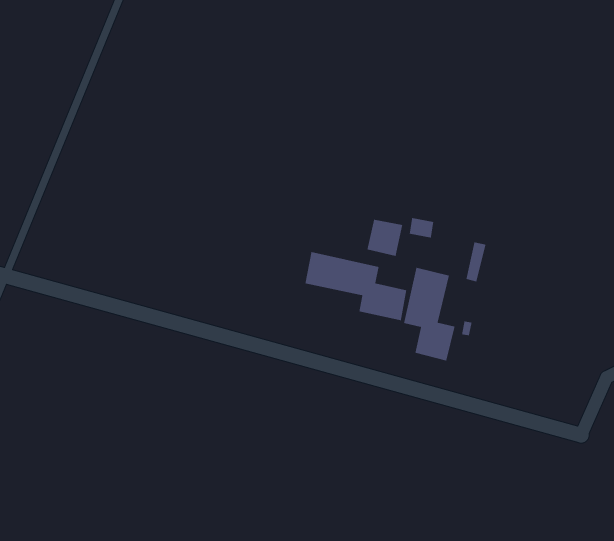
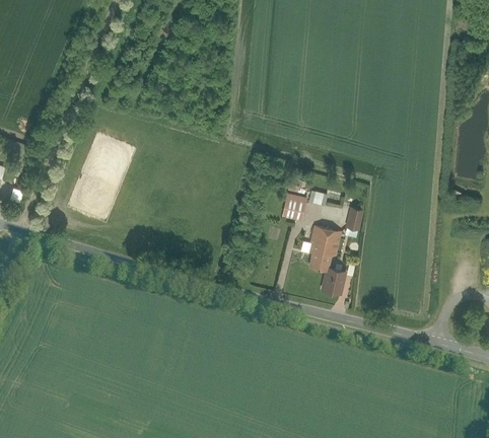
building: [305,251,407,321] -> none

